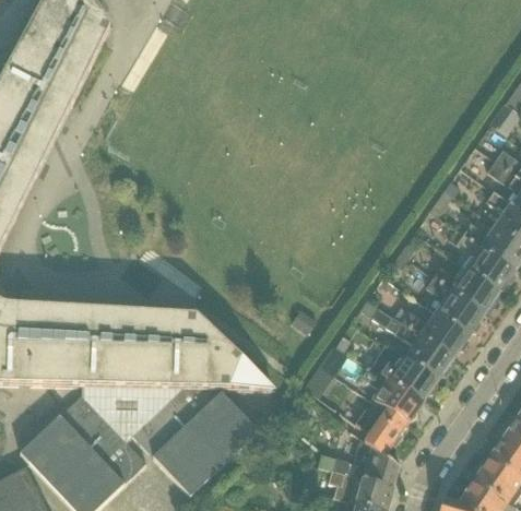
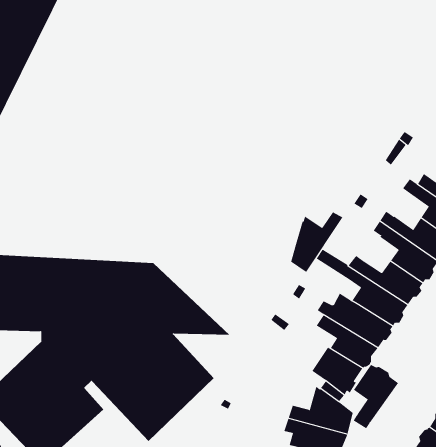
building: none -> [291,211,343,273]
building: none -> [353,364,399,429]

